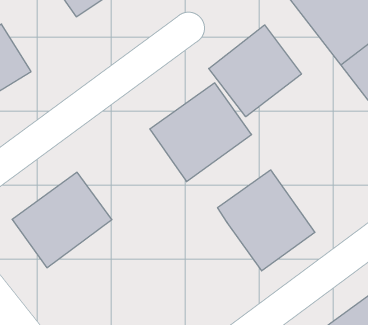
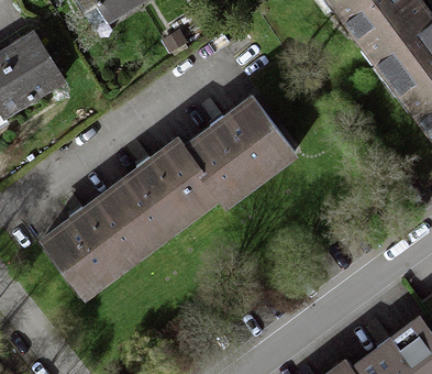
building: [209,25,301,117] -> none
building: none -> [112,140,219,241]
building: [218,170,315,271] -> none

